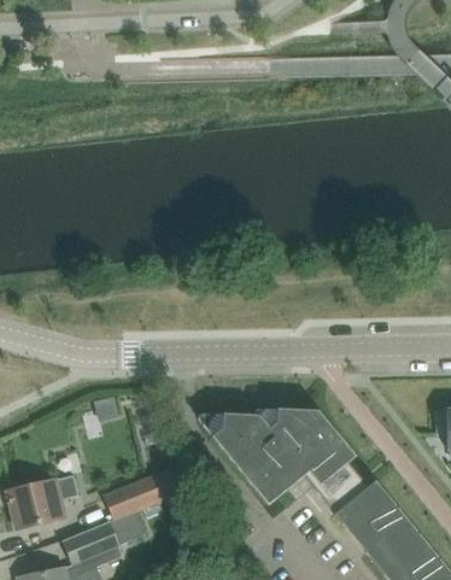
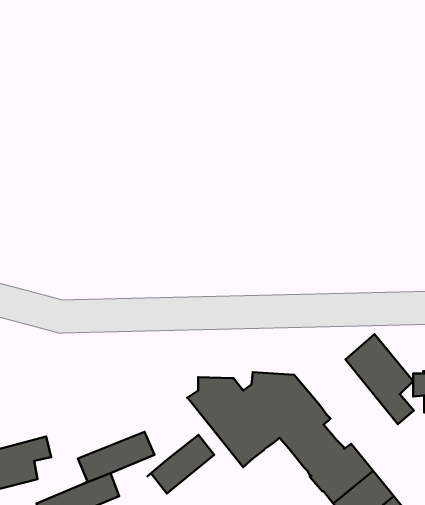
building: none -> [346,334,414,424]
building: none -> [147,435,214,493]

